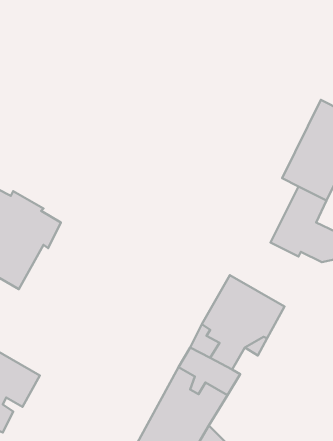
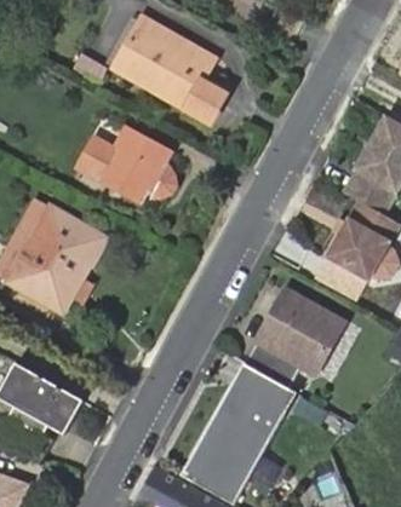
building: none -> [125,21,236,125]
building: none -> [79,125,170,201]

